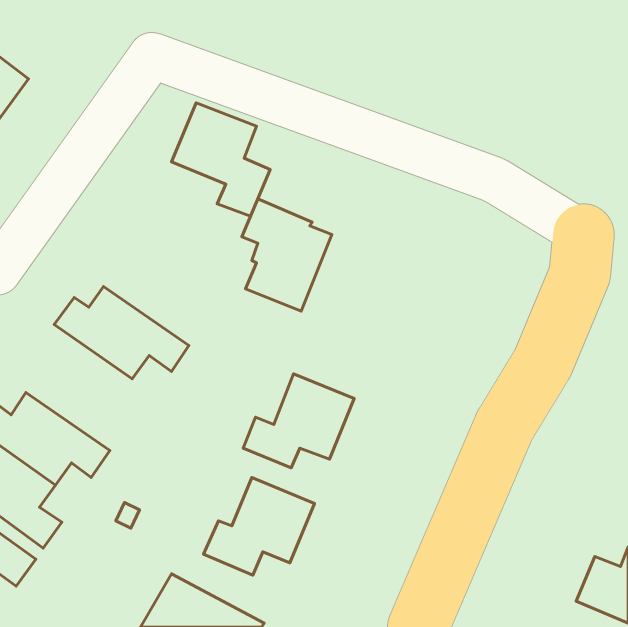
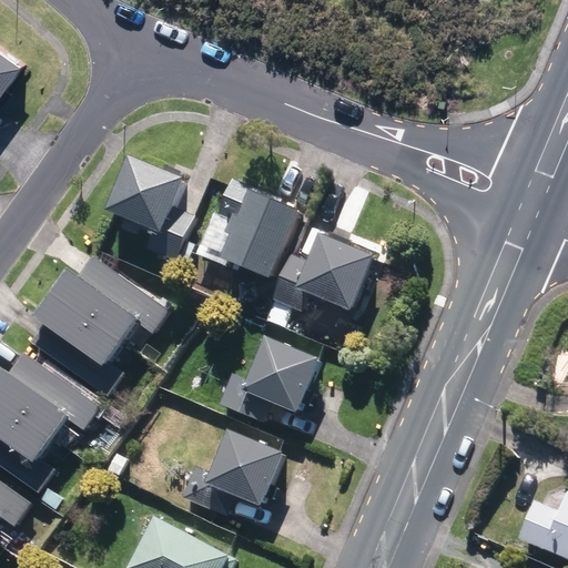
building: [172,103,270,216] -> [105,156,194,258]
building: none -> [273,233,372,311]
building: none -> [32,292,125,397]

